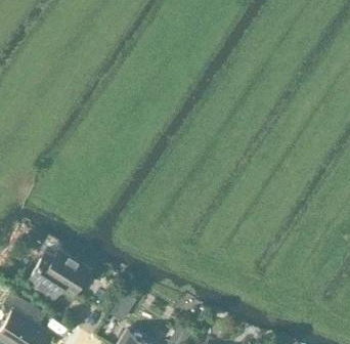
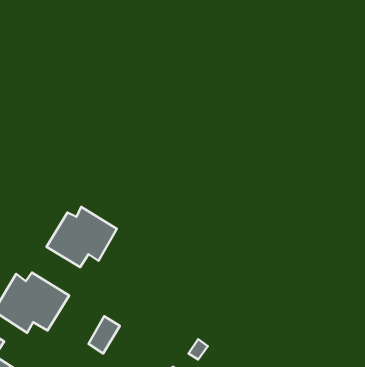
building: none -> [47,207,117,267]

